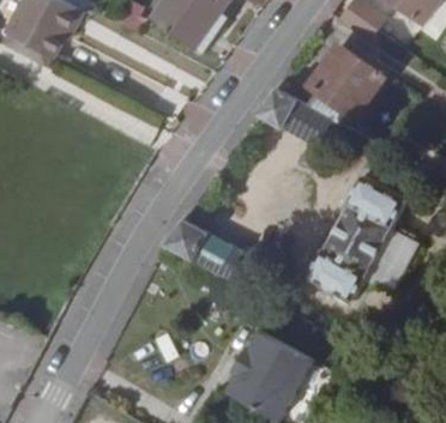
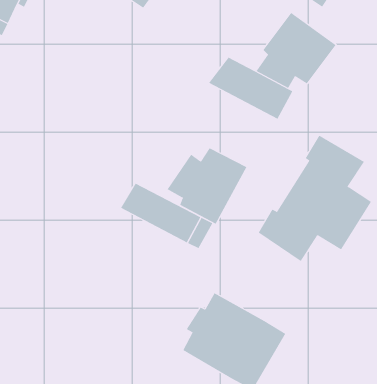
building: none -> [167,147,247,225]

